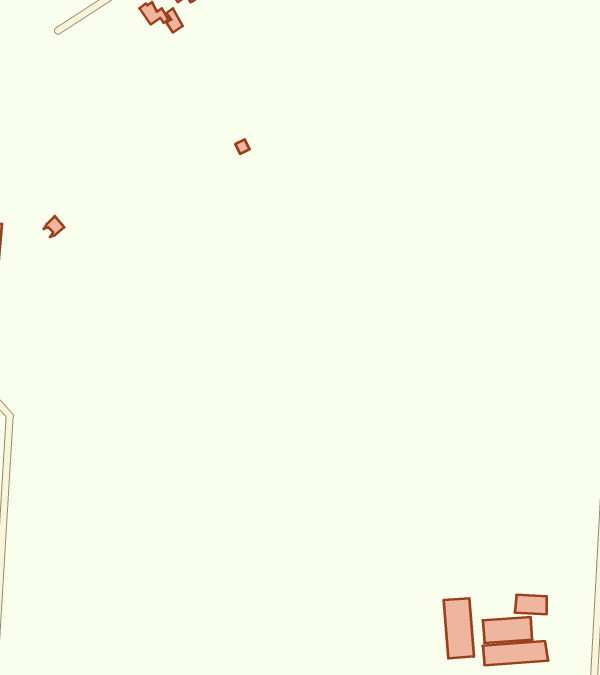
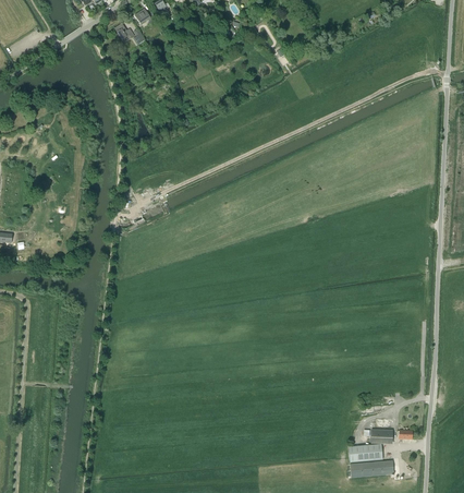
building: [444,598,474,658] -> none

